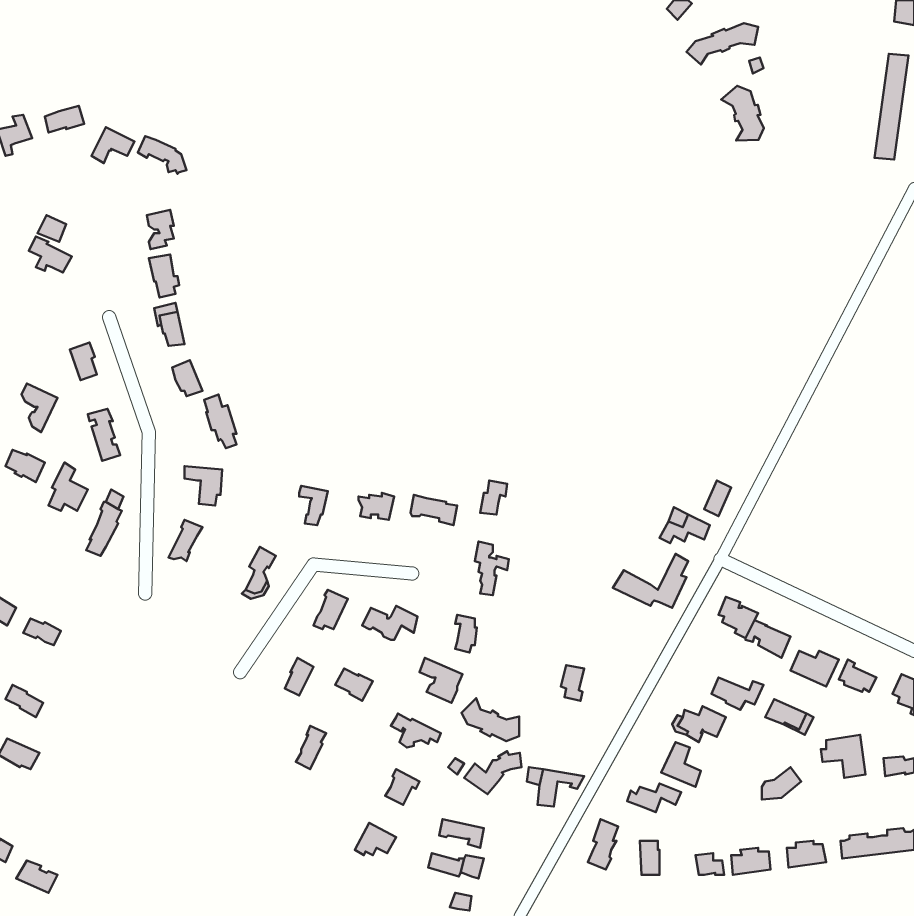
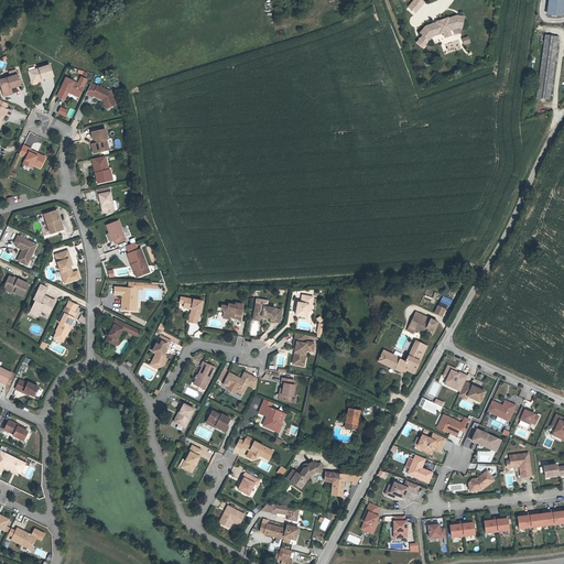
building: [721,86,764,141] -> none
building: [461,698,519,741] -> none

